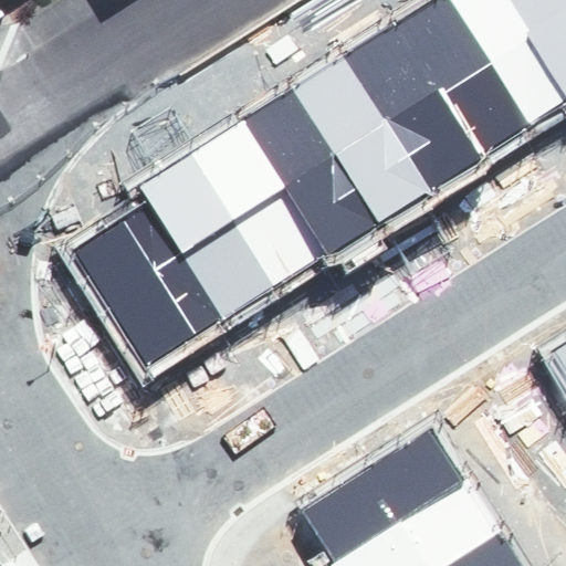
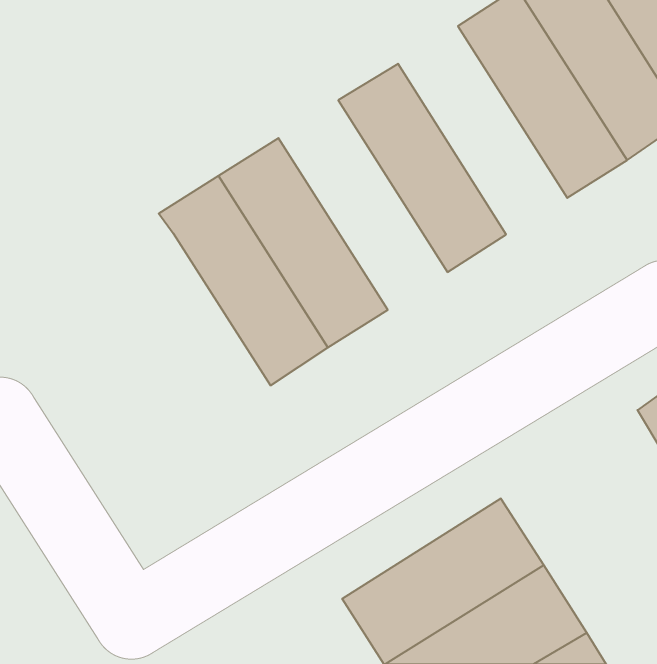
building: [345,22,489,199] -> none
building: [243,85,387,263] -> none
building: [70,198,237,380] -> none

